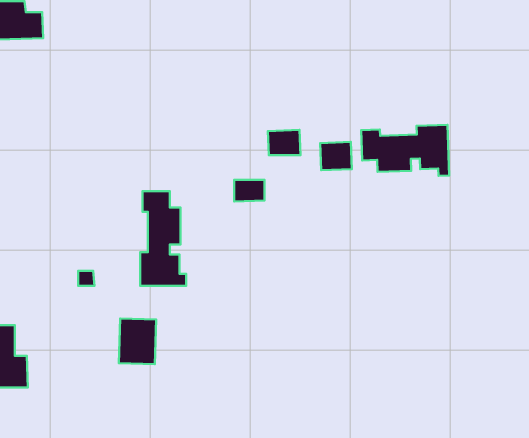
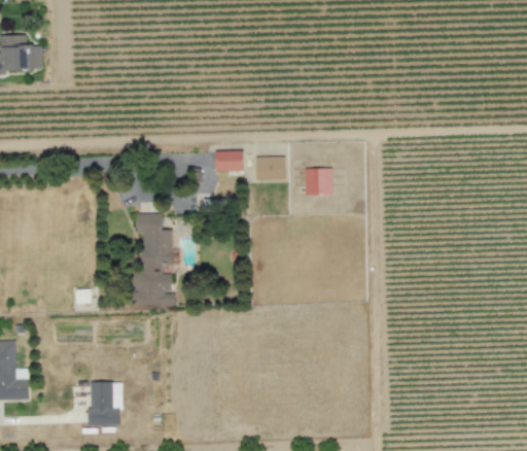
building: [361,125,449,176] -> none
building: [234,180,265,202] -> [215,151,244,172]
building: [119,318,156,364] -> [87,382,122,425]

